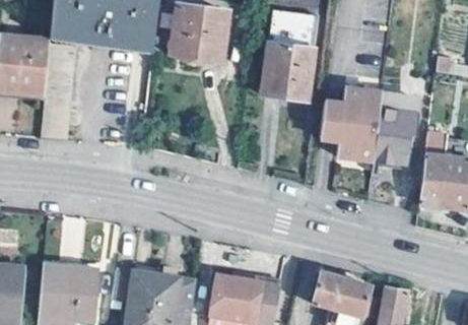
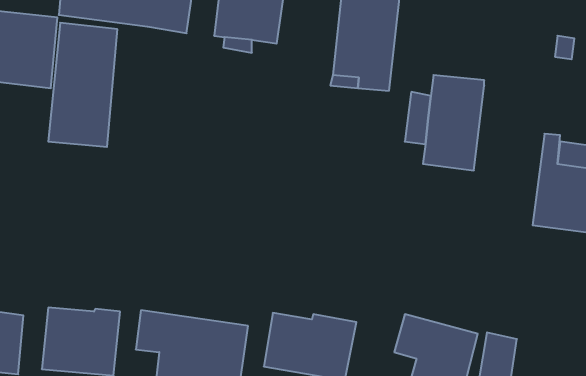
building: [372,94,416,170] -> none

